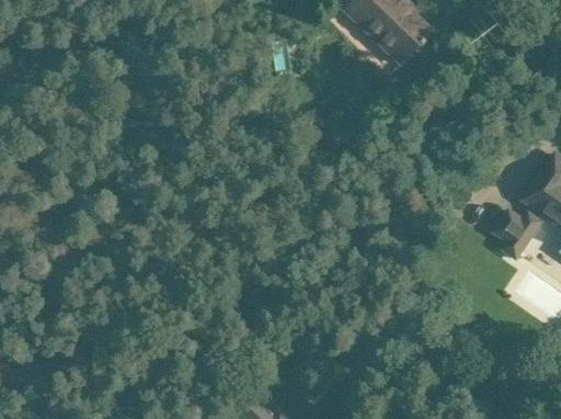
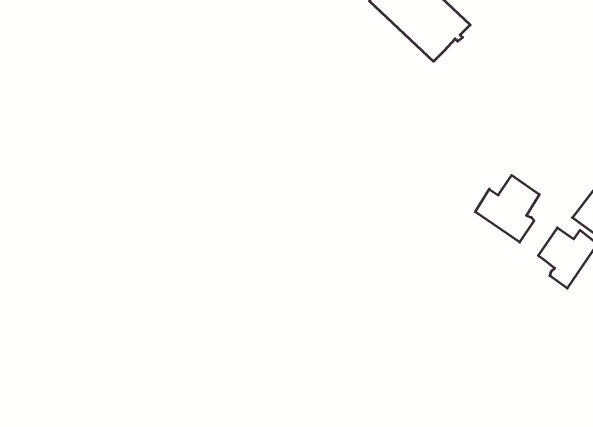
building: none -> [475,175,539,242]

